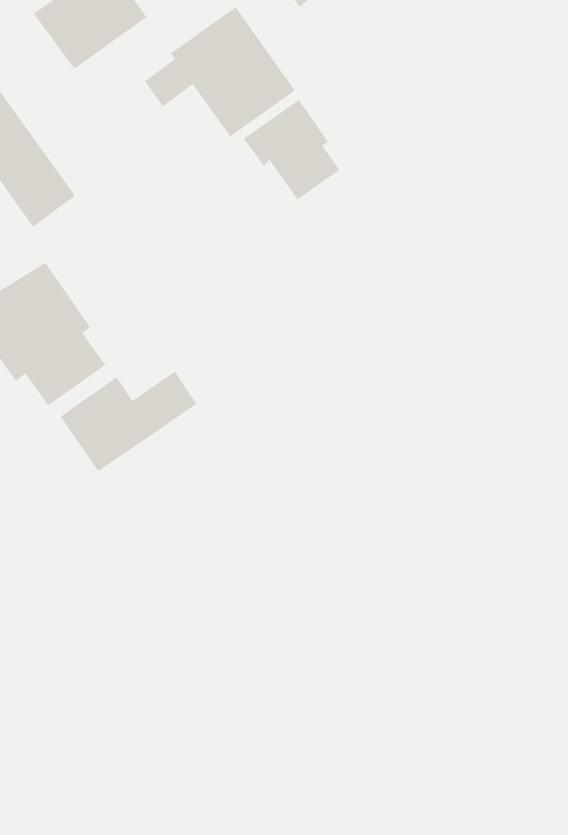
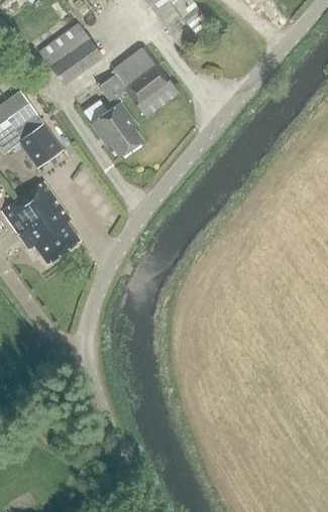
building: [243,99,340,200] -> [90,102,142,156]
building: [60,371,197,472] -> none

